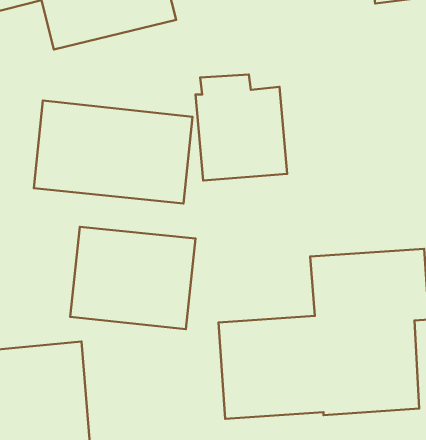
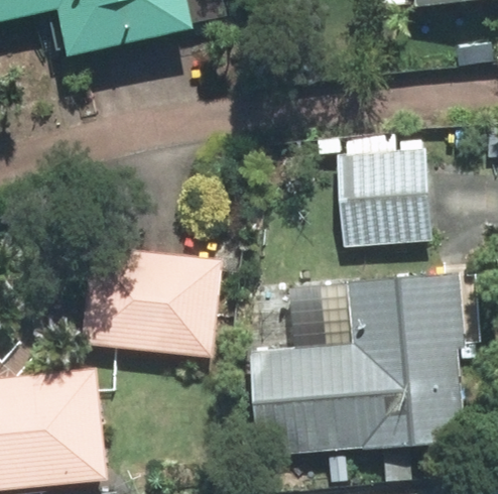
building: [195,75,287,181] -> [331,134,427,246]
building: [34,101,193,204] -> none

